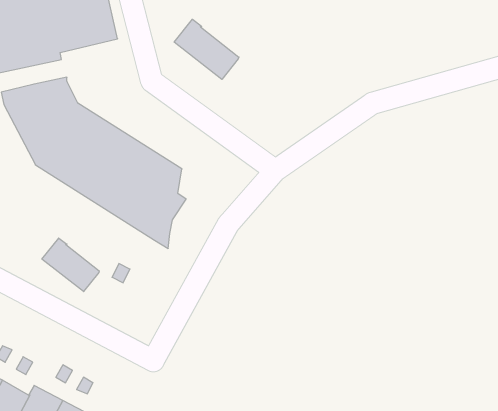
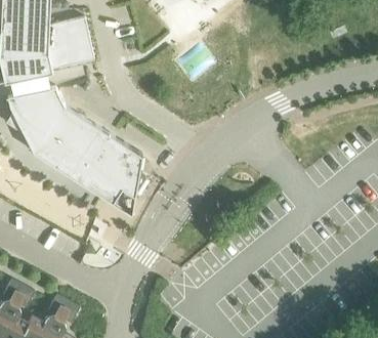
building: [174,19,239,79] -> none
building: [42,238,99,292] -> none

